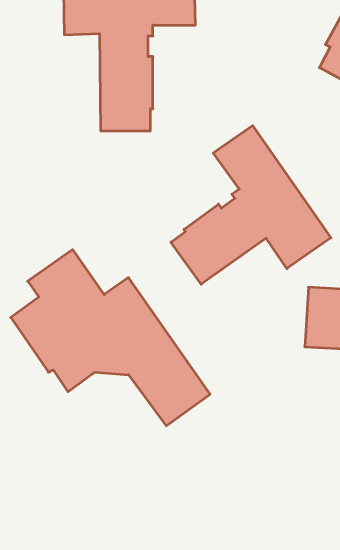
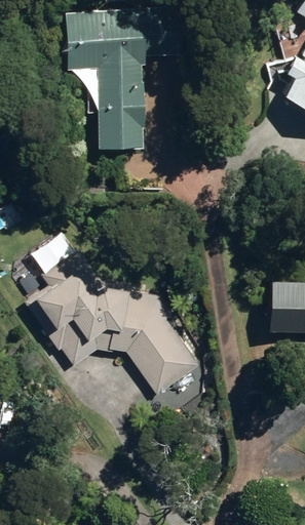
building: [171,126,331,284] -> none

